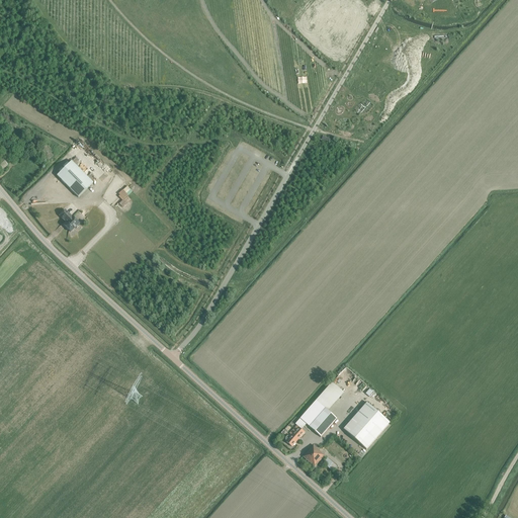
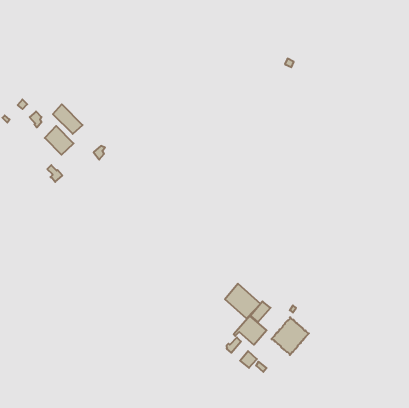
building: none -> [53,104,83,134]
building: none -> [225,284,261,318]

